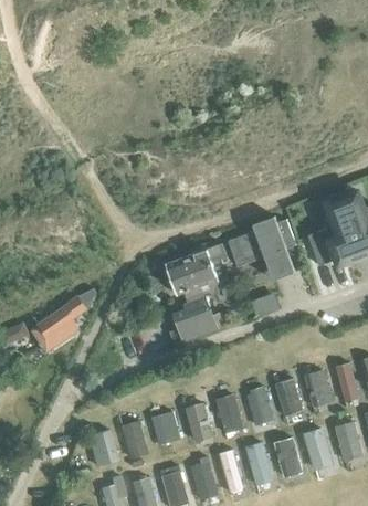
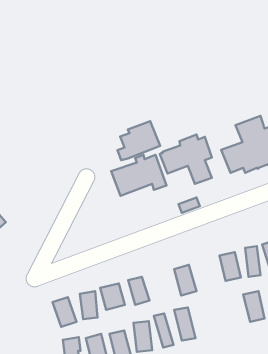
building: [33,295,88,340] -> none
building: [169,296,224,347] -> [118,121,160,160]
building: [275,379,303,415] -> none
building: [215,393,243,433] -> none
building: [303,426,336,472] -> none
building: [275,439,301,477] -> none

